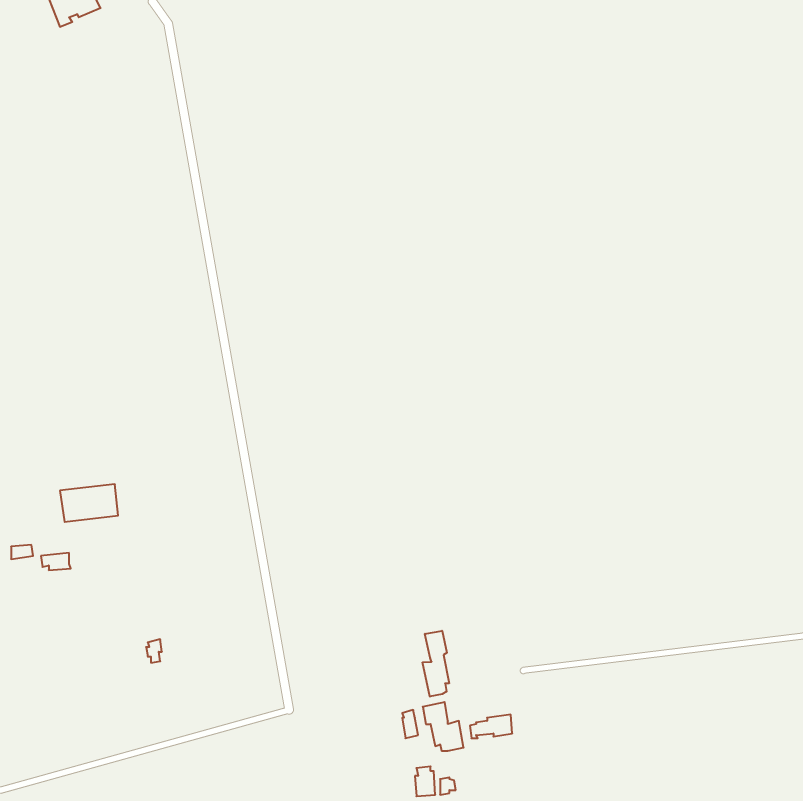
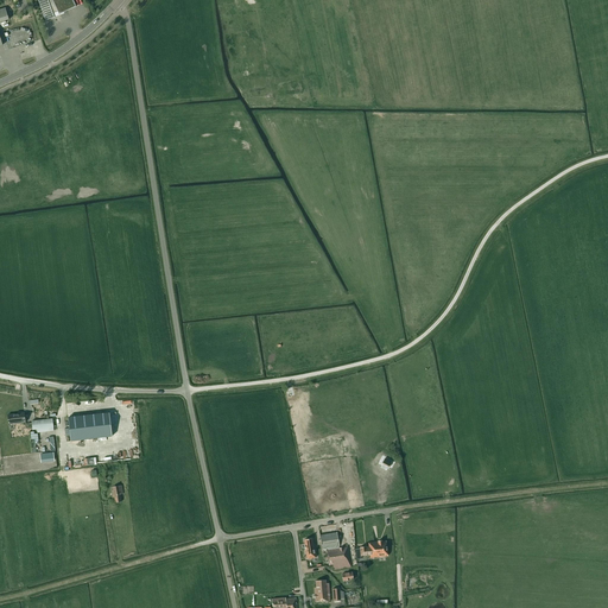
building: [60,484,118,522] -> [68,412,112,441]
building: [423,631,449,697] -> none

